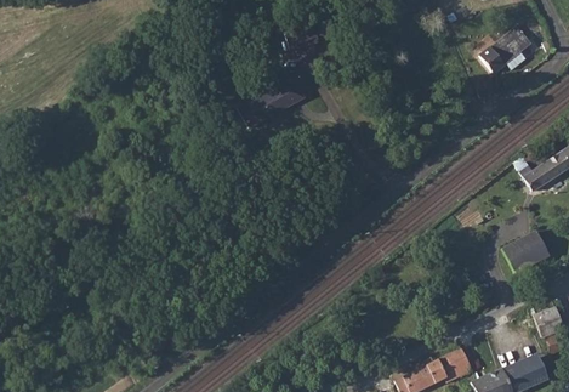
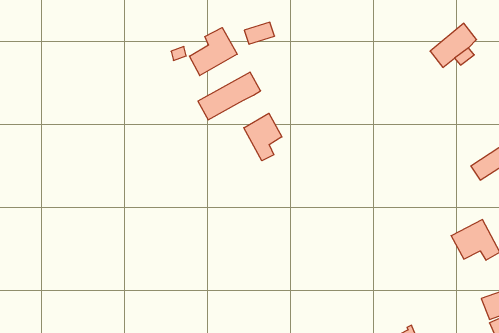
building: none -> [189,28,237,76]
building: none -> [244,113,282,161]

